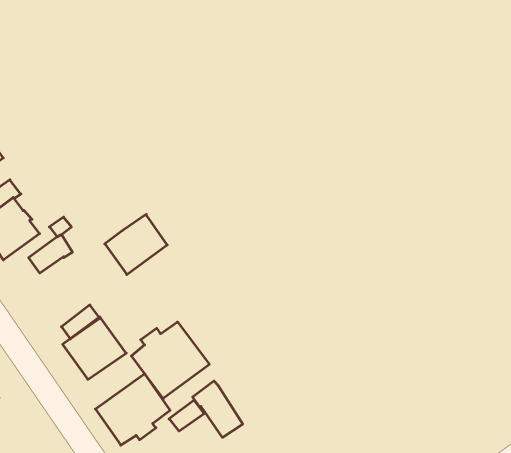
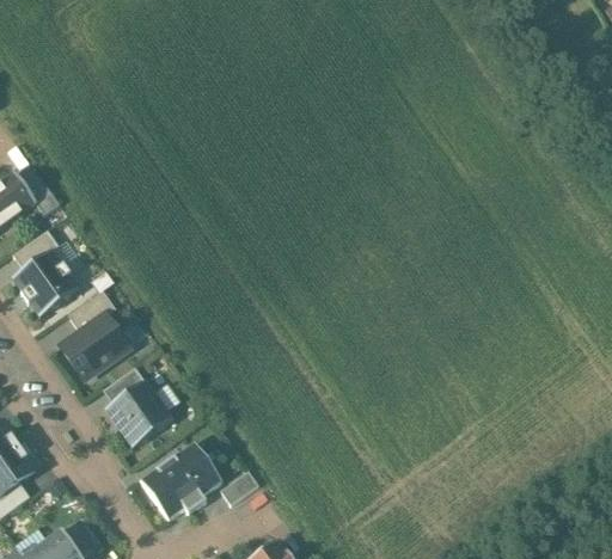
building: [105,214,167,275] -> [60,313,128,379]
building: [131,322,209,399] -> none
building: [193,381,243,437] -> none

